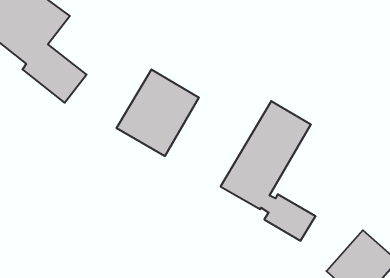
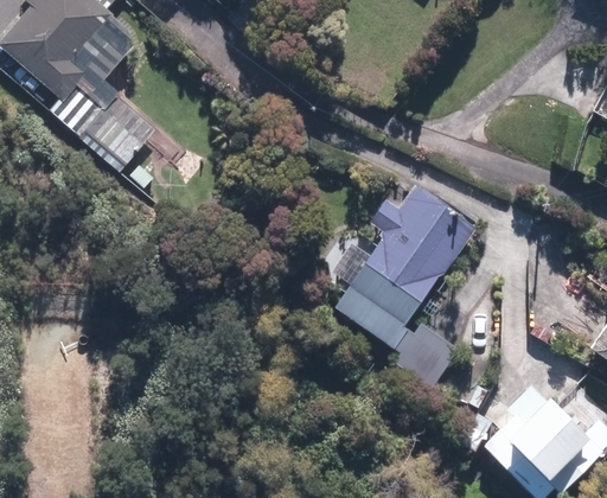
building: [117,69,199,156] -> none

